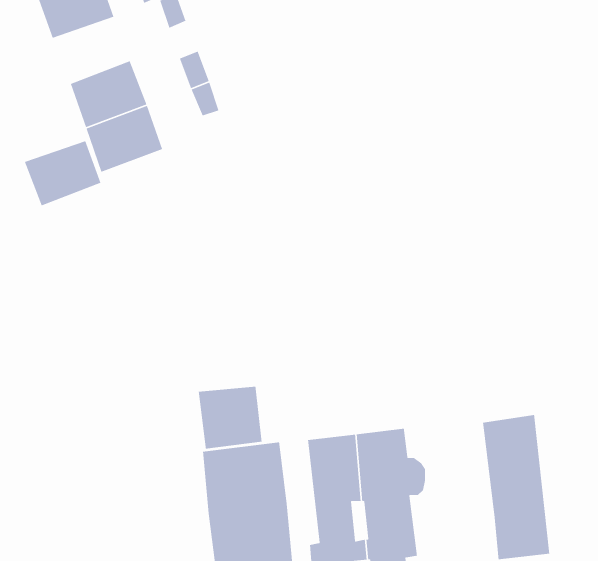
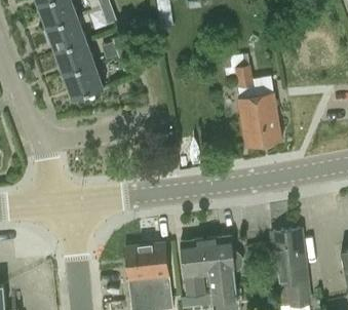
building: none -> [223,53,281,147]
building: [24,140,101,206] -> [45,18,86,53]
building: [198,386,263,450] -> none

